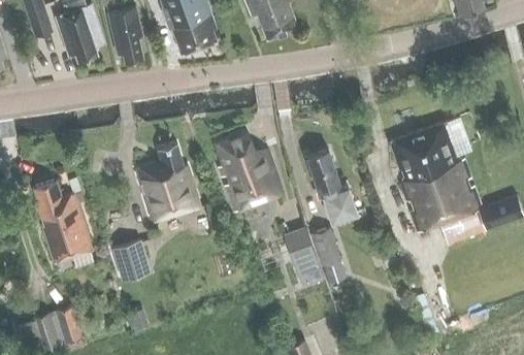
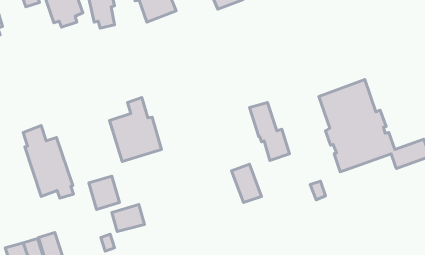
building: [217,130,282,211] -> none
building: [312,227,346,282] -> none
building: none -> [112,205,145,232]

